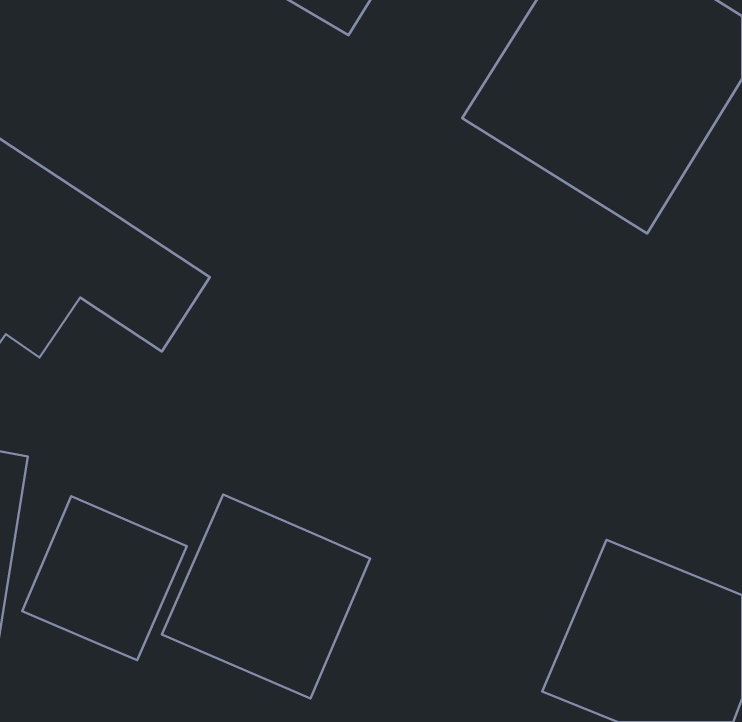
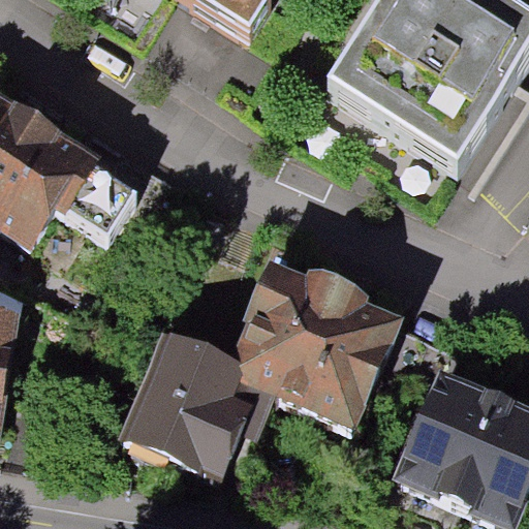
building: none -> [227,268,403,437]
building: [22,496,187,660] -> none

